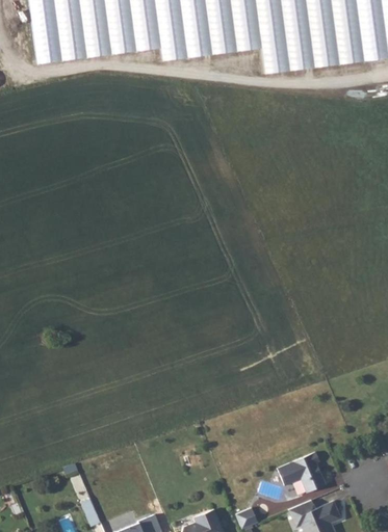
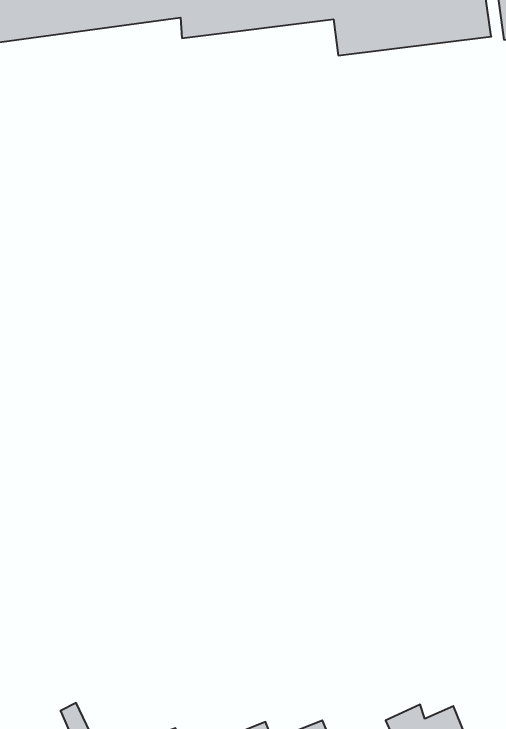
building: [278,453,326,494] -> none

